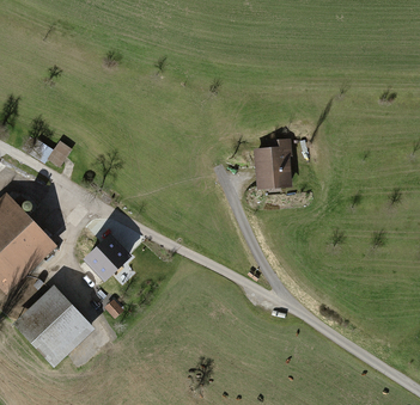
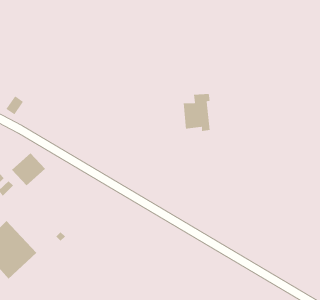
building: [86,235,127,275] -> [11,152,46,186]

